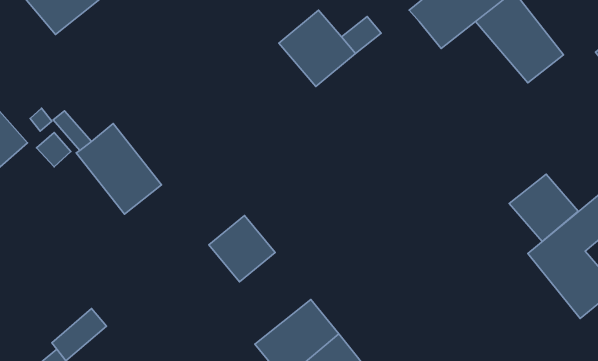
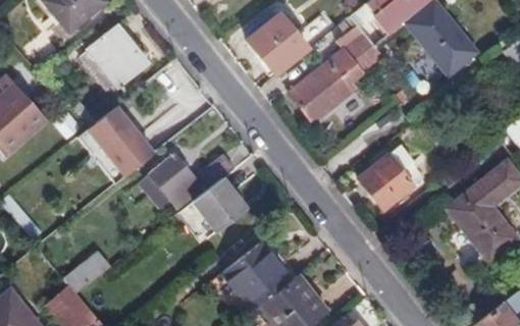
building: none -> [292,22,384,121]
building: none -> [88,23,151,87]
building: [509,174,578,242] -> [358,156,413,210]
building: none -> [149,153,235,211]

